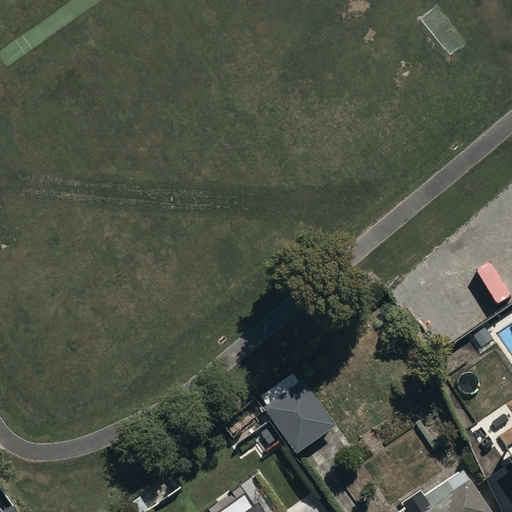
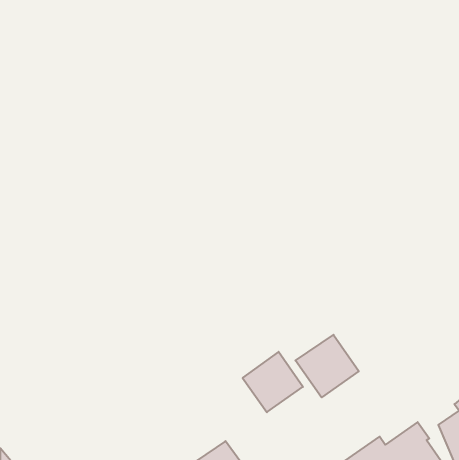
building: none -> [295,335,359,397]

